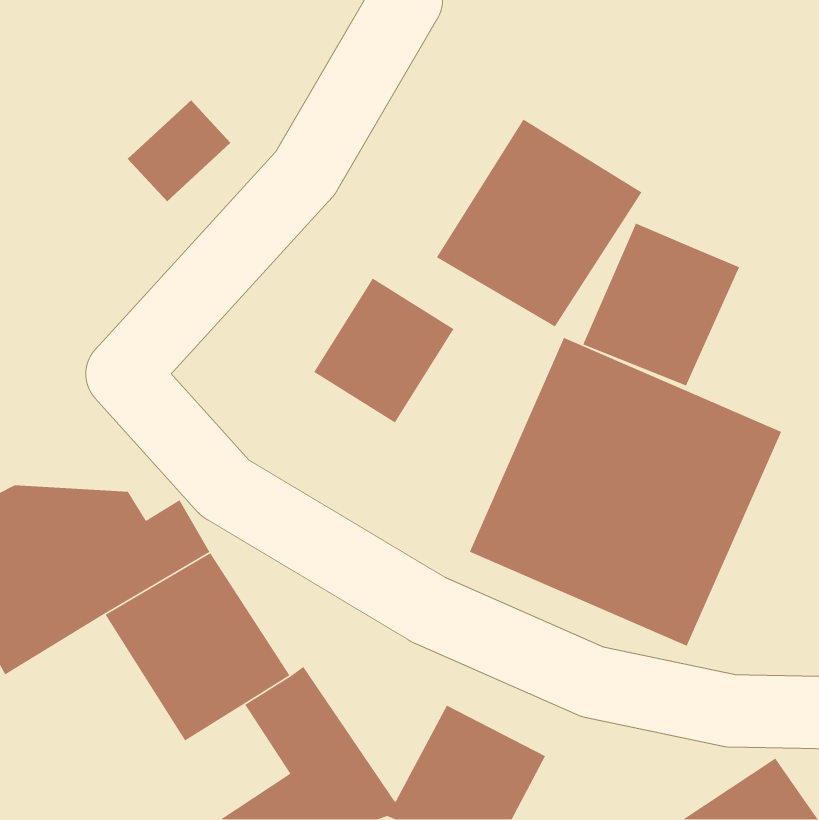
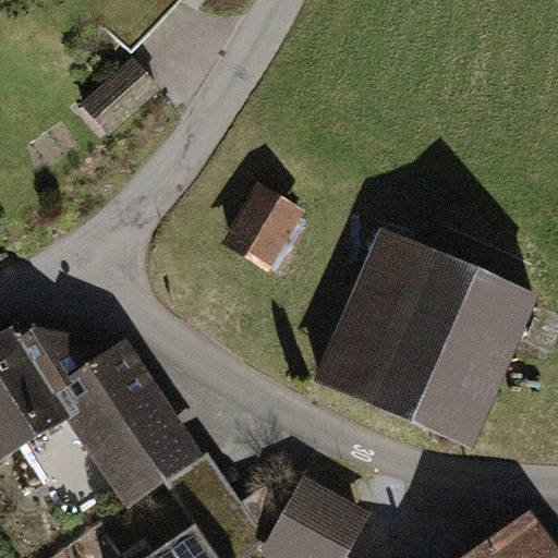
building: [436,119,643,327] -> none
building: [582,222,740,387] -> none

